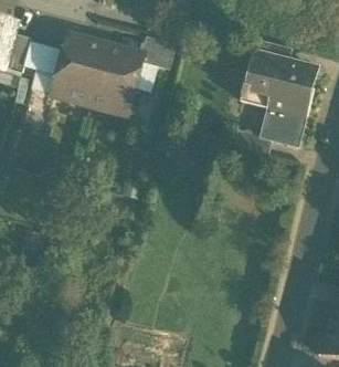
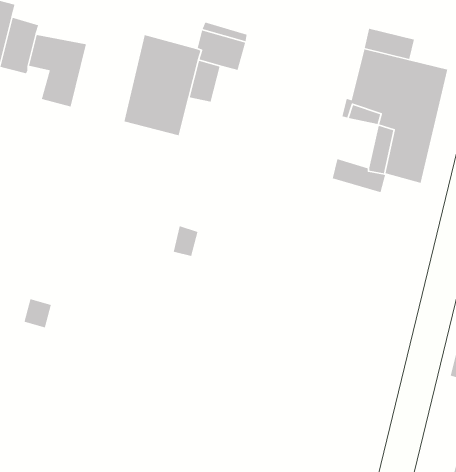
building: [54,34,105,105] -> none

